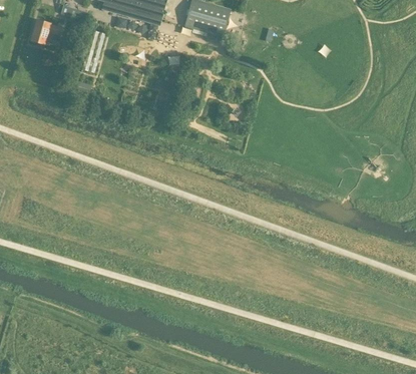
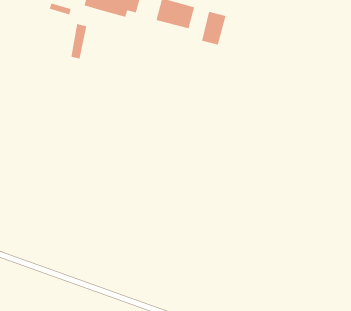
building: none -> [201,11,226,46]
building: [31,19,61,43] -> none

